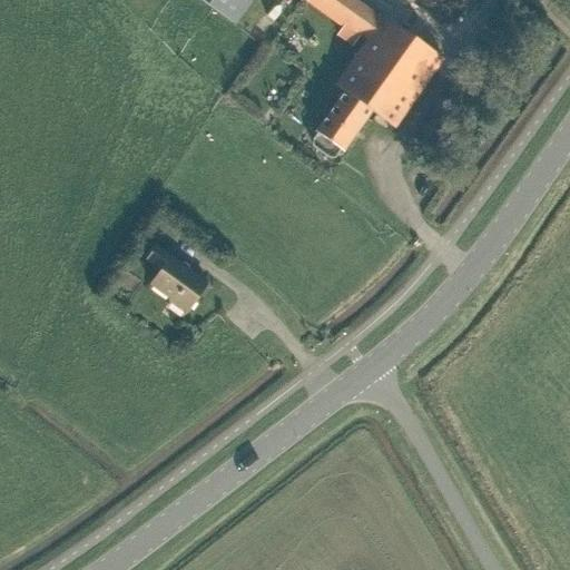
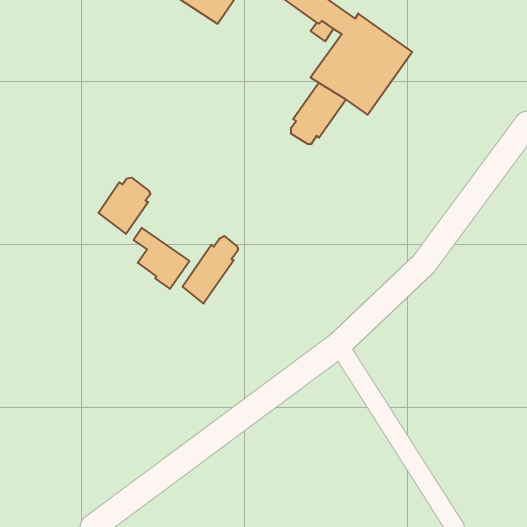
building: none -> [98,178,150,234]
building: none -> [183,236,238,304]

